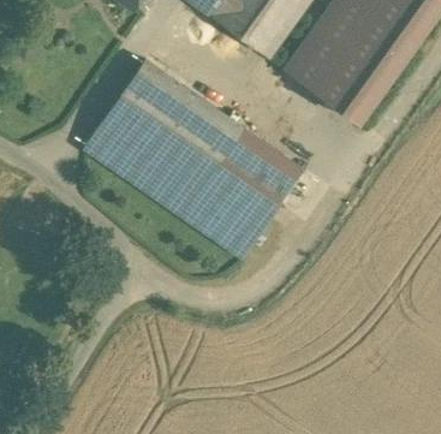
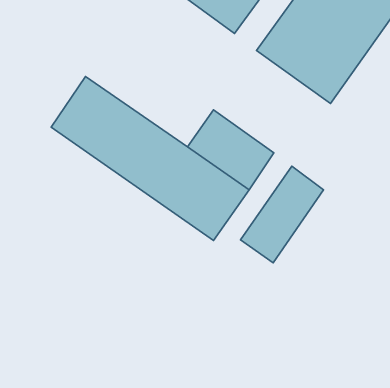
building: [115,58,240,162] -> none
building: none -> [240,166,323,263]

